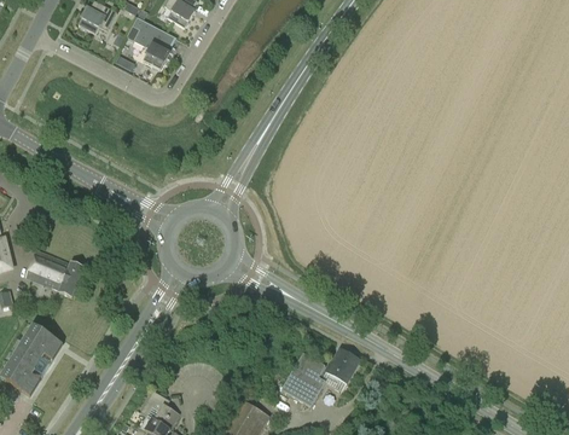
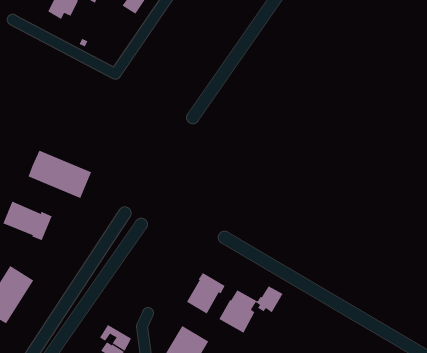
building: [127,18,175,72] -> none
building: none -> [28,150,92,199]
building: none -> [186,272,225,314]

